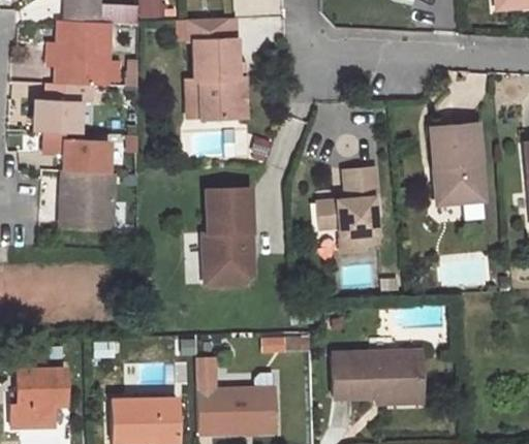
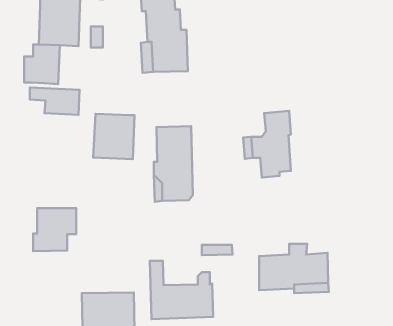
building: [428,123,481,203] -> none
building: [60,171,113,229] -> [93,114,134,159]
building: [12,371,67,425] -> [33,208,76,251]

